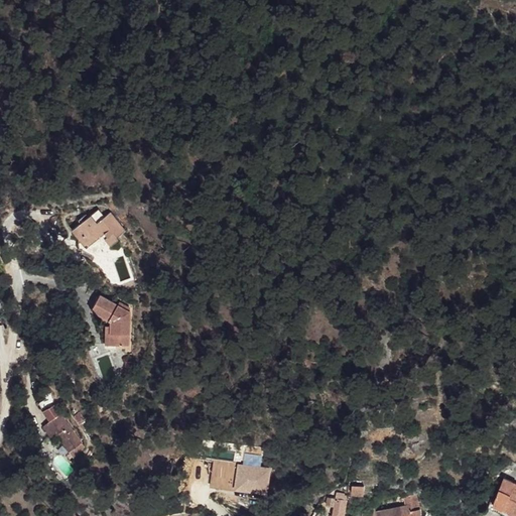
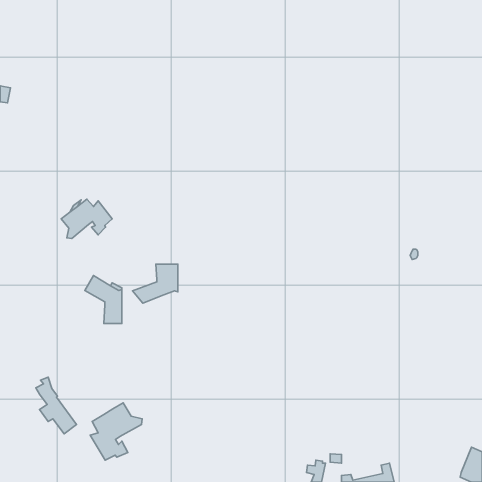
building: none -> [132,264,178,303]
building: none -> [90,403,142,460]
building: [211,462,270,488] -> none

